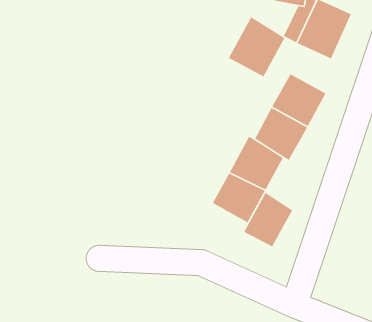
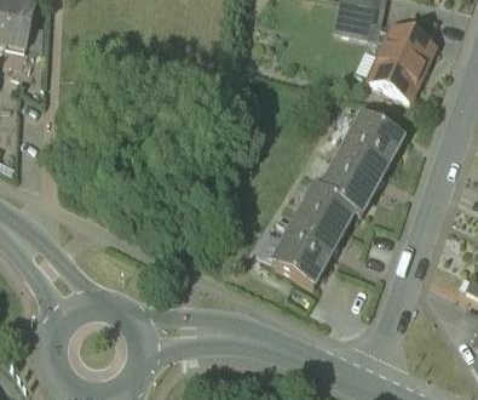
building: [228,16,285,77] -> none
building: [243,192,293,248] -> none

